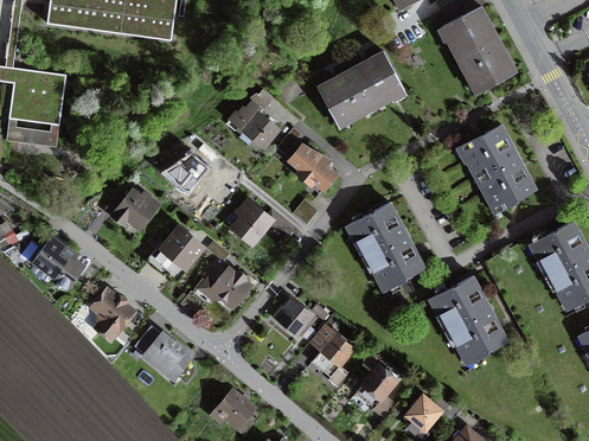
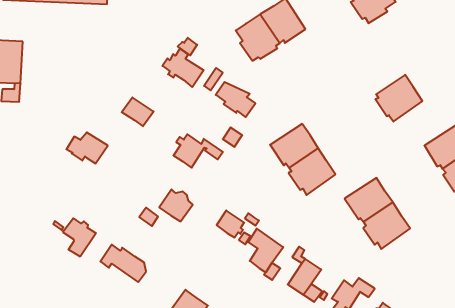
building: [460,126,517,177] -> none
building: [148,228,201,271] -> none
building: [33,238,81,289] -> none

